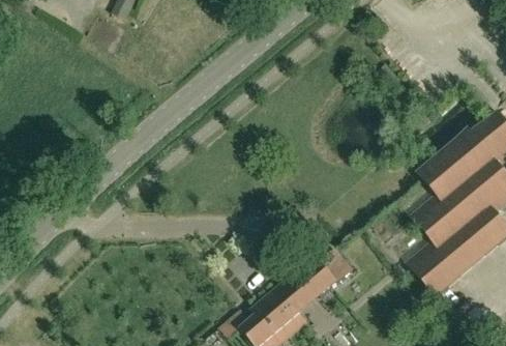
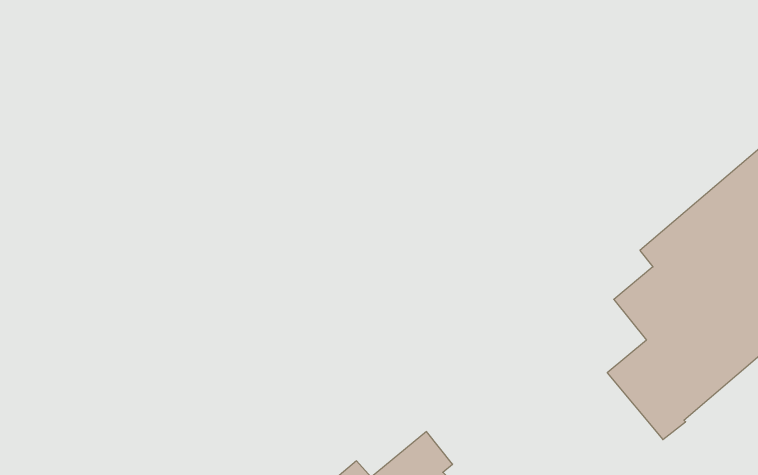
building: [304,248,353,295] -> none

